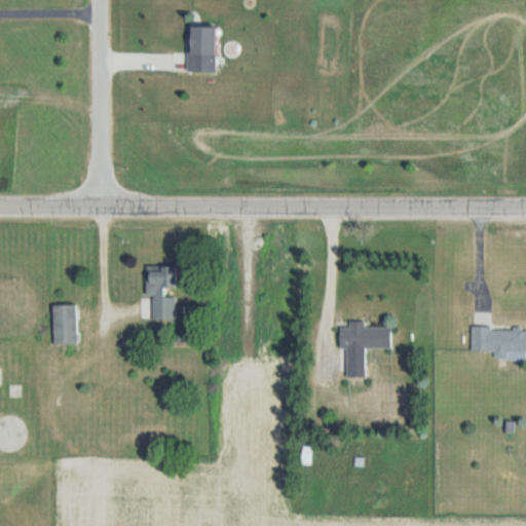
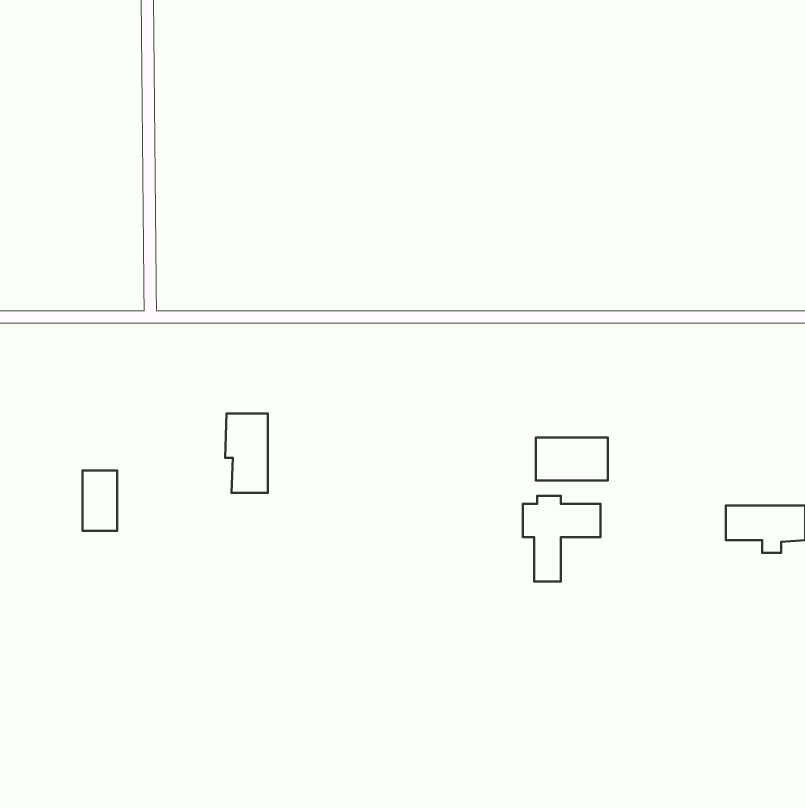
building: [188,27,218,72] -> none
building: none -> [536,437,608,481]

